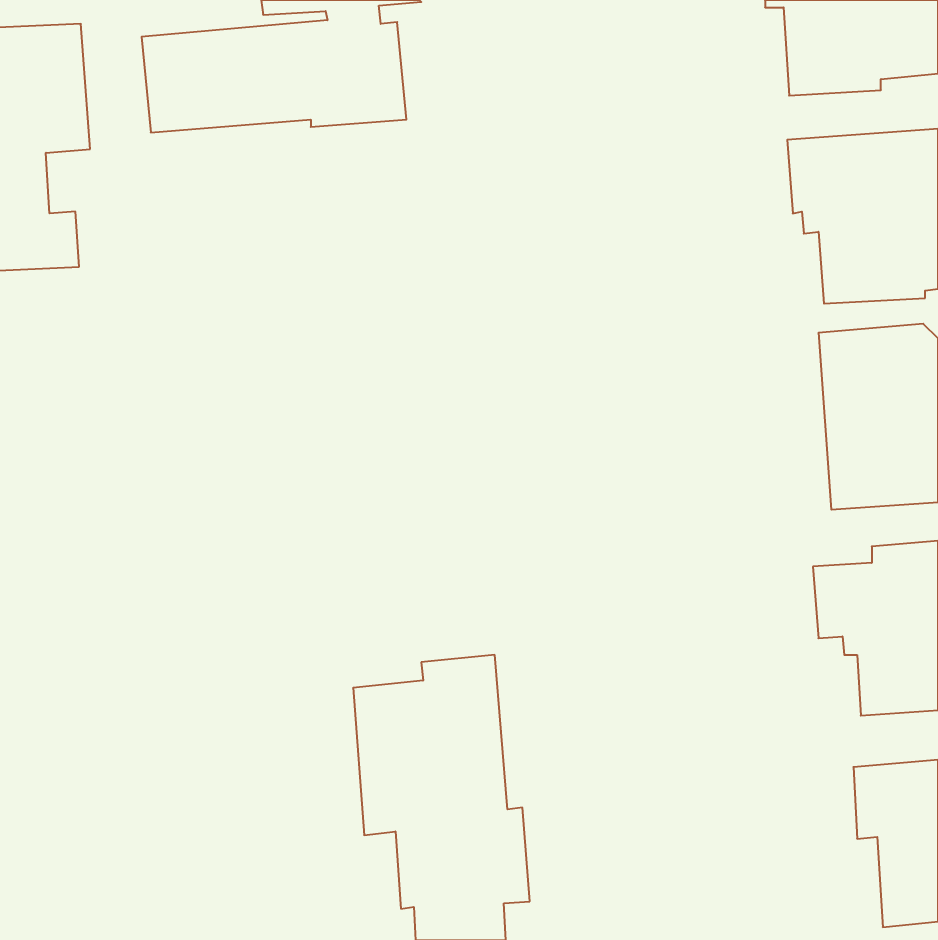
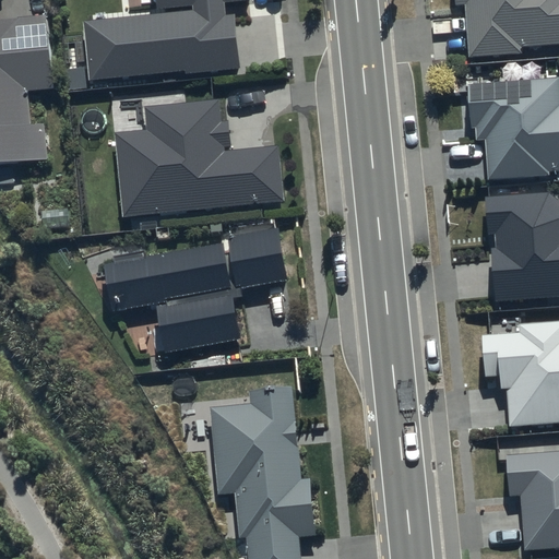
building: none -> [115,98,284,217]
building: none -> [106,226,289,350]

